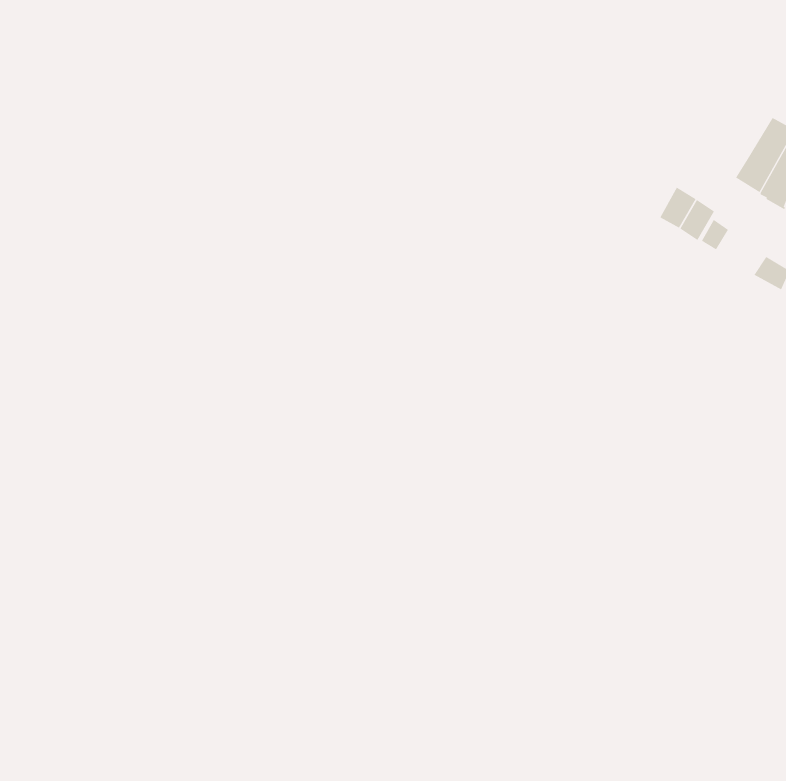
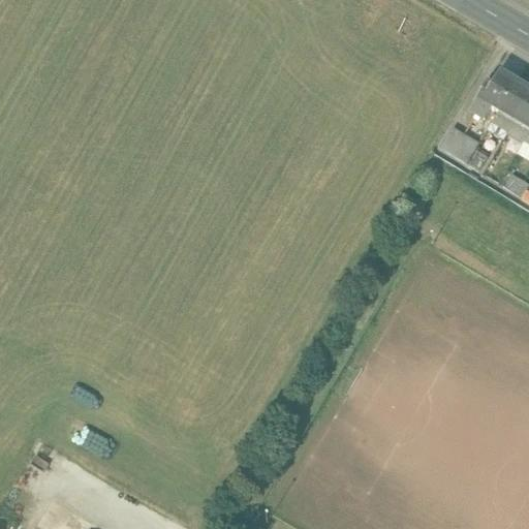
building: none -> [473,68,519,116]

